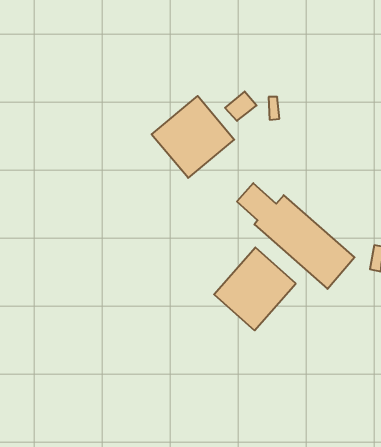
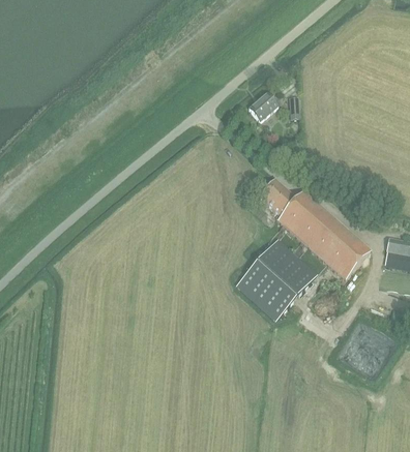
building: [152,96,234,178] -> none

